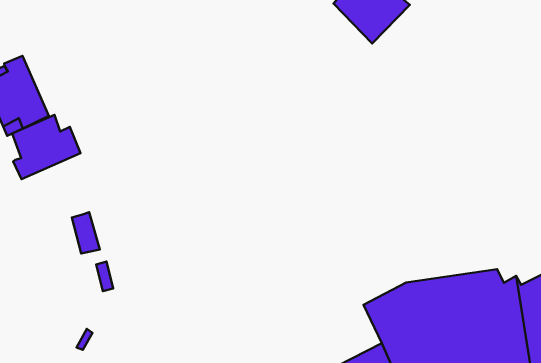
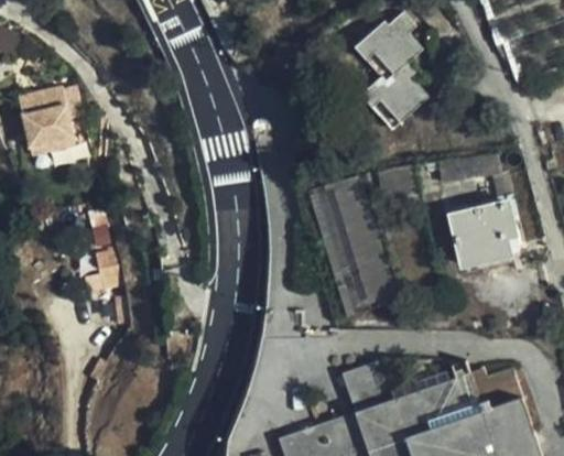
building: none -> [447,204,508,267]
building: [12,115,80,179] -> none

